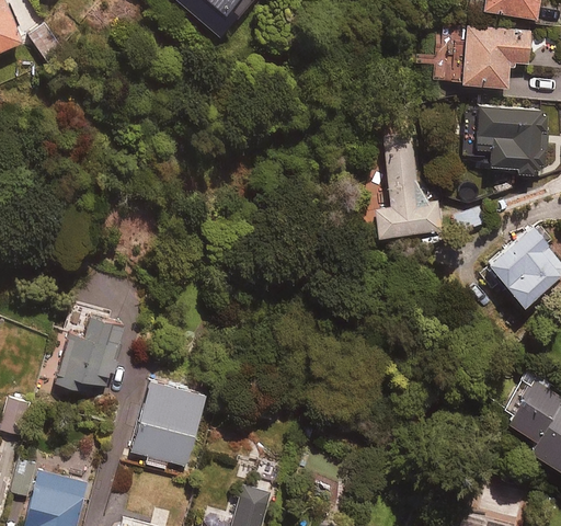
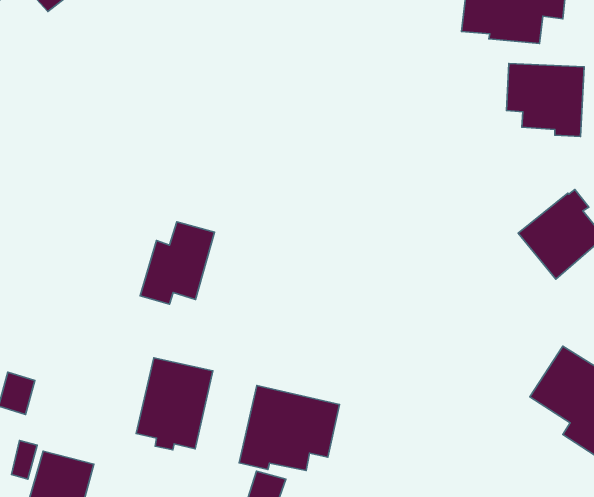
building: [373,146,440,238] -> none
building: [59,312,128,389] -> [140,222,214,304]
building: none -> [239,386,340,470]

